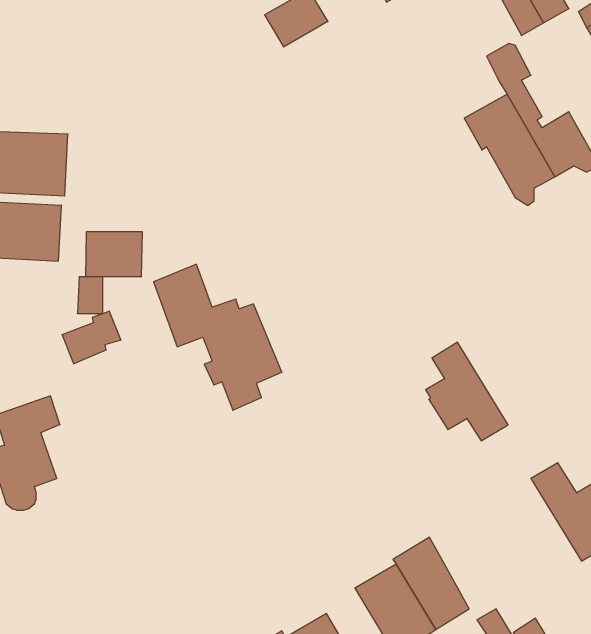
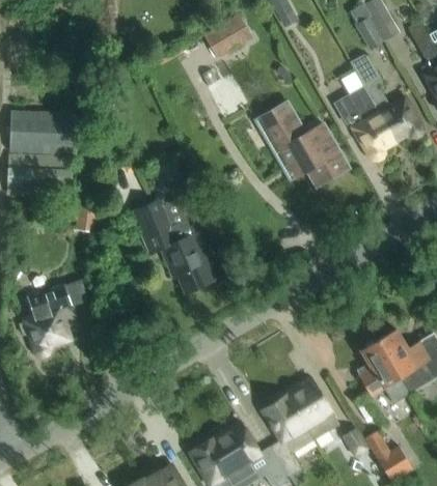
building: none -> [271,104,347,187]
building: [86,232,142,277] -> none
building: [62,311,121,364] -> none
building: [426,342,508,441] -> [357,339,411,403]

